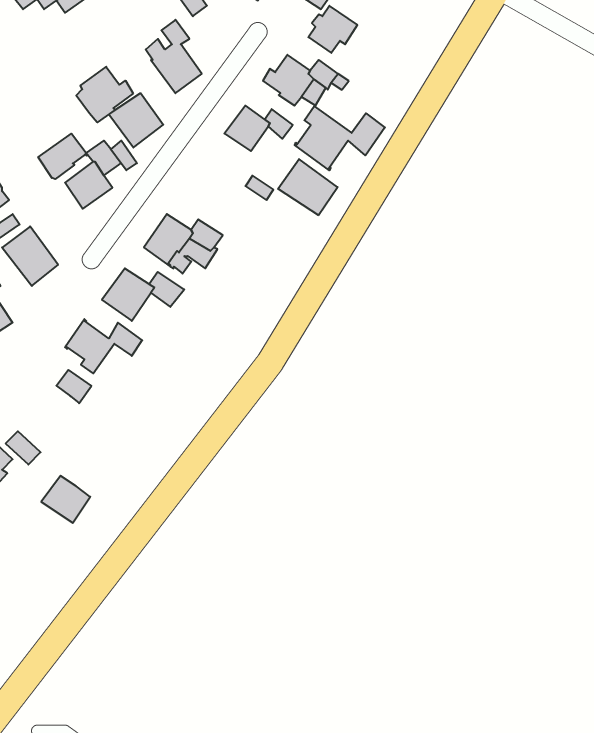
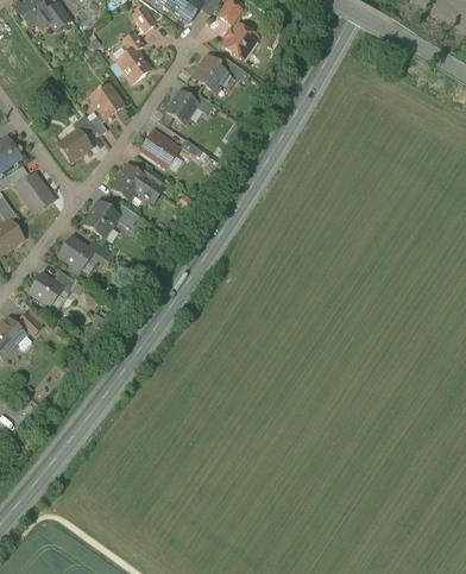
building: [76,67,133,122] -> none
building: [295,106,385,170] -> none
building: [38,134,88,179] -> none
building: [278,159,338,215] -> [139,128,180,166]
building: [41,476,90,523] -> [29,273,62,305]

